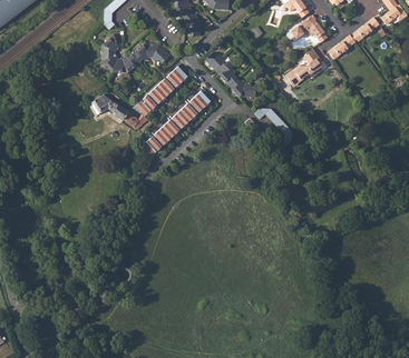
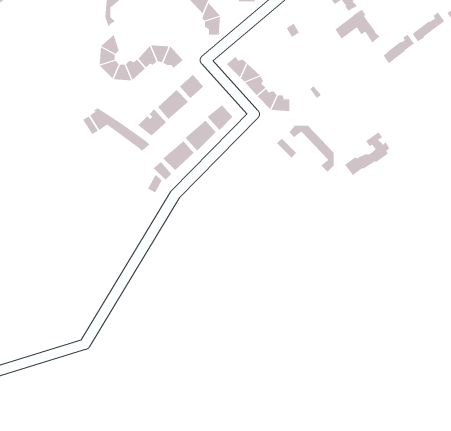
building: [285,48,322,83] -> [344,132,390,176]

